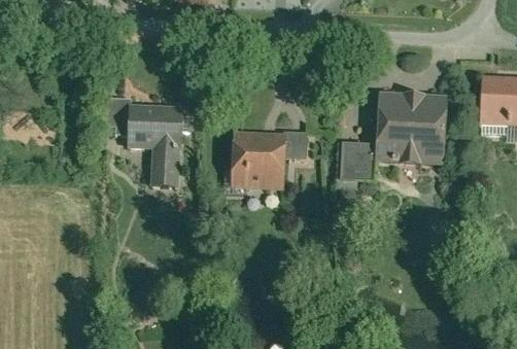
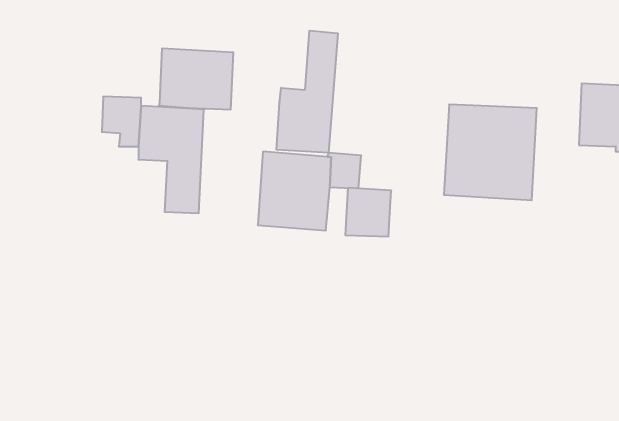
building: none -> [276,31,338,153]
building: none -> [159,48,233,110]
building: [339,144,375,182] -> [345,188,391,236]

